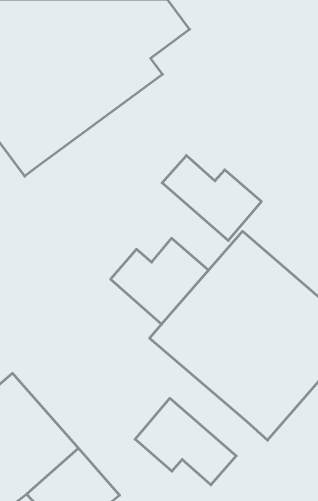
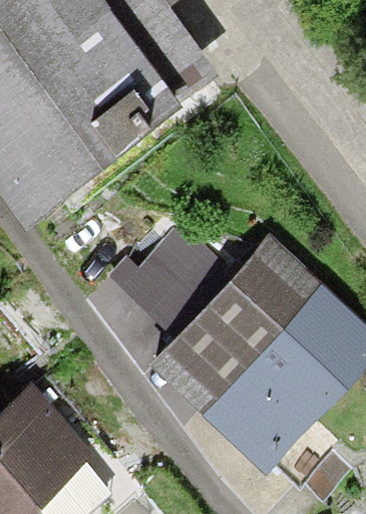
building: [162,155,261,241] -> none
building: [135,398,236,485] -> none

